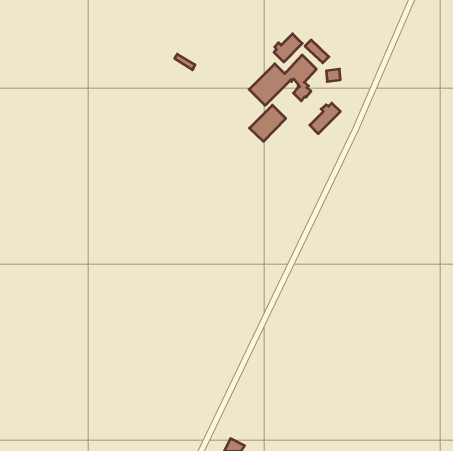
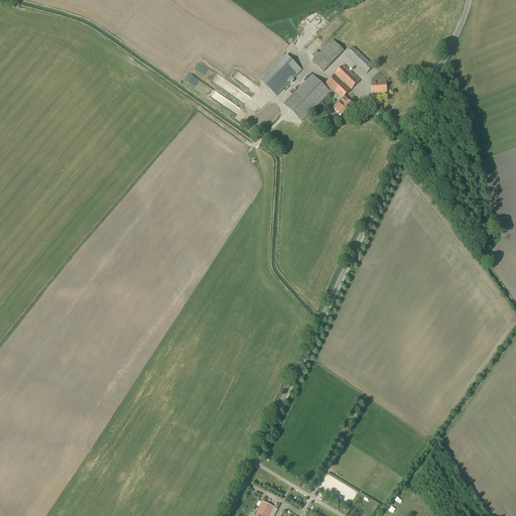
building: [310,103,340,134] -> none
building: [249,105,286,141] -> [260,53,301,95]

